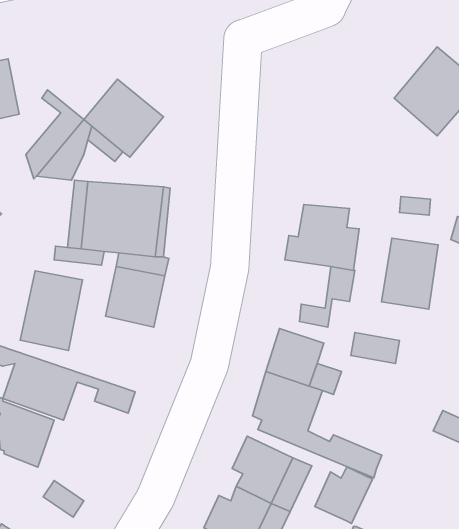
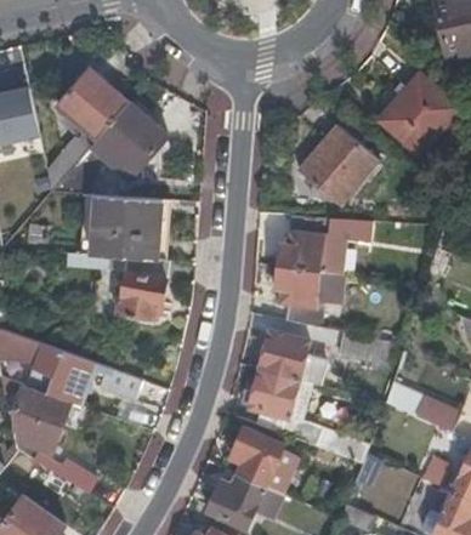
building: none -> [57,67,127,137]
building: none -> [297,123,378,204]
building: [382,238,438,309] -> none
building: none -> [274,263,319,307]
building: [20,271,83,350] -> none
building: [315,467,372,524] -> none

